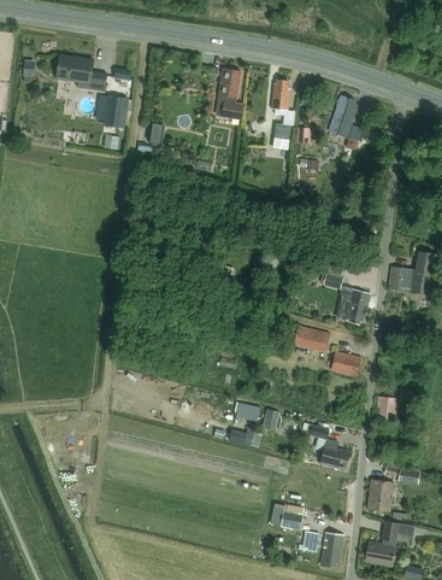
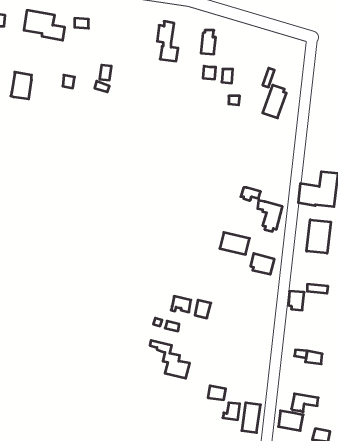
building: [102,95,128,128] -> [11,72,32,99]
building: [328,95,356,135] -> [263,85,286,118]
building: none -> [307,220,331,253]
building: [301,422,349,468] -> [150,340,190,378]
building: [366,478,394,511] -> none

